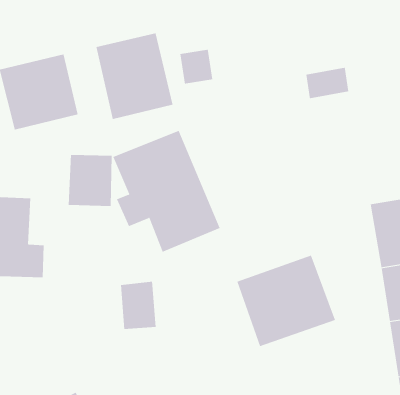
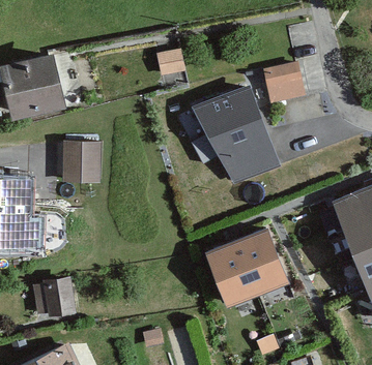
building: [96,32,173,120] -> none
building: [113,130,221,252] -> [191,83,283,187]
building: [120,281,156,330] -> [46,278,77,320]

